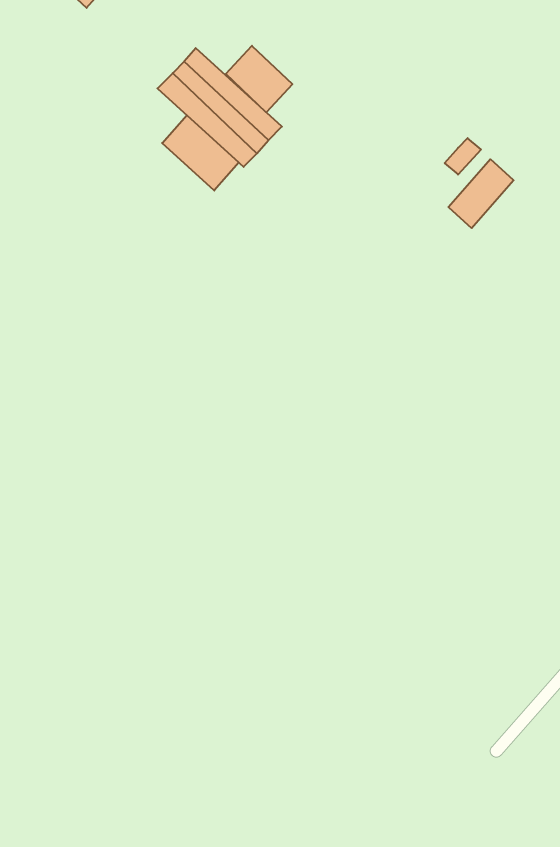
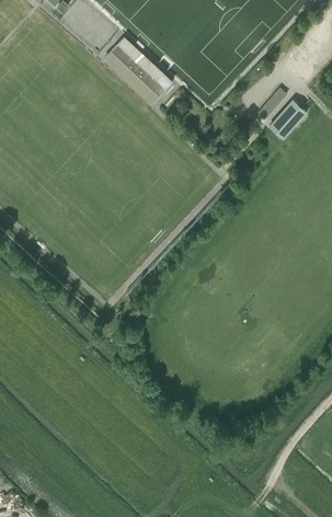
building: [226,46,292,112] -> none
building: [162,115,239,191] -> none

